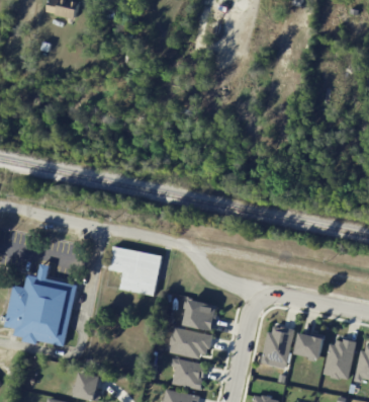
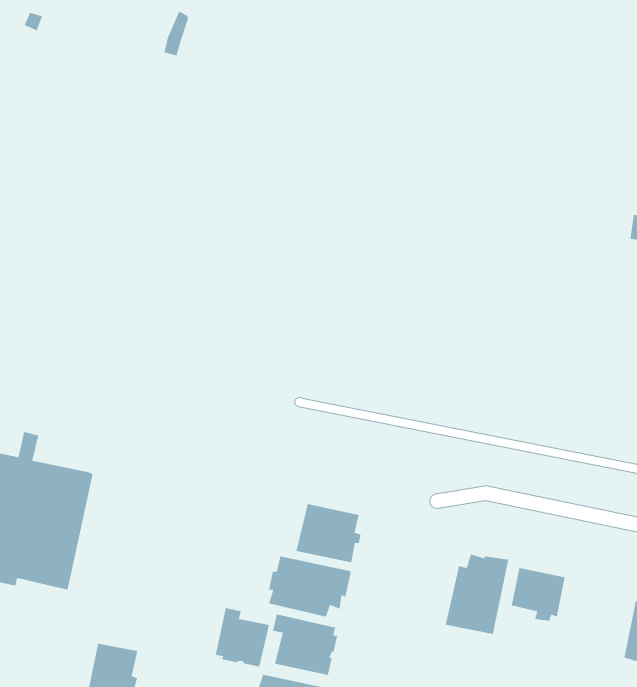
building: [108,246,162,296] -> none
building: [322,339,356,380] -> none
building: none -> [215,607,270,668]

